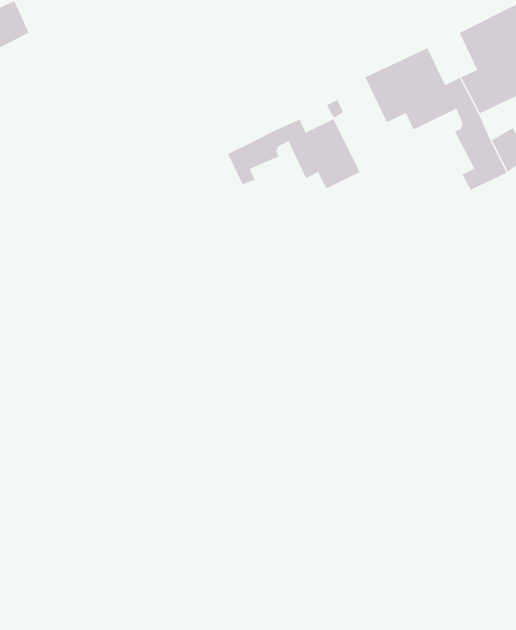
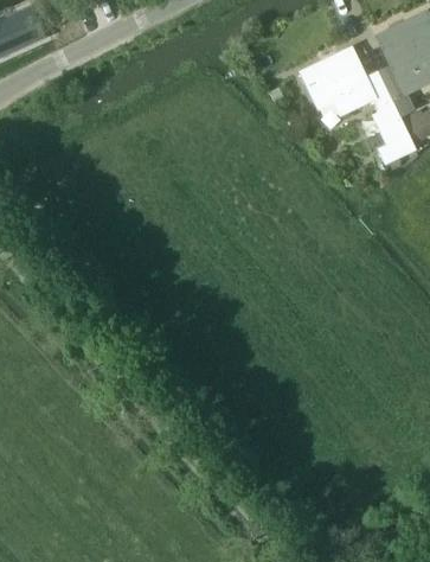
building: [227,118,360,189] -> none

